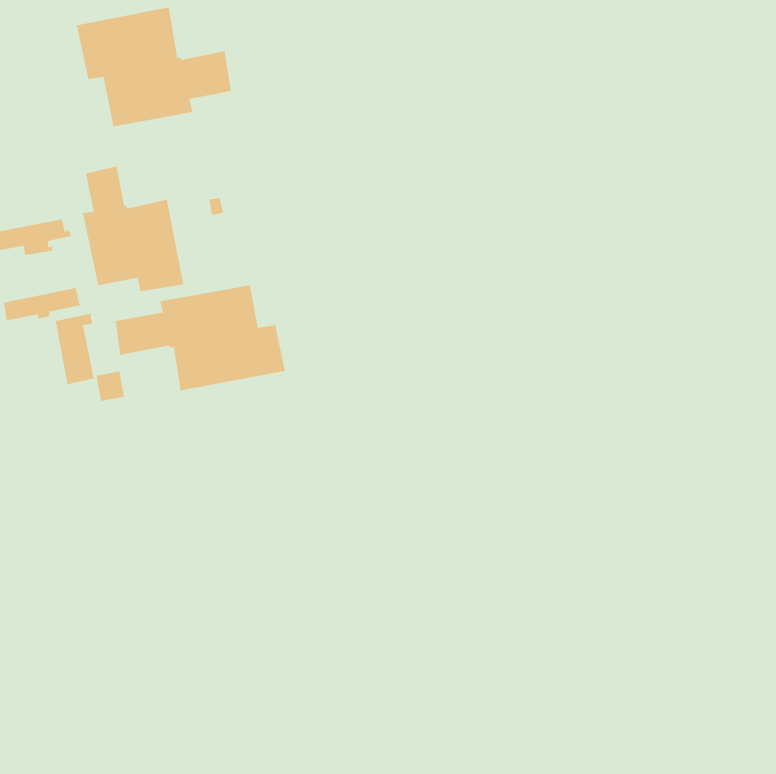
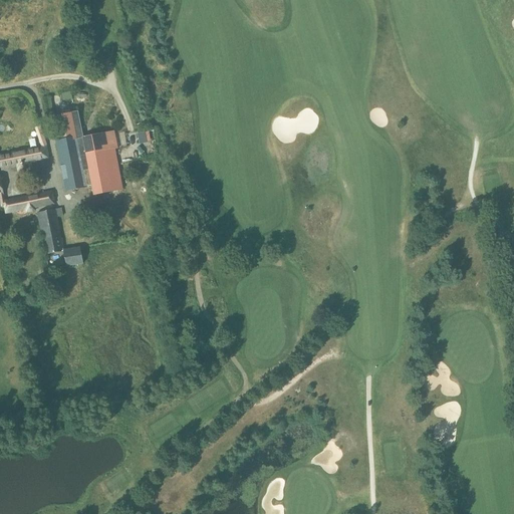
building: [76,6,232,127] -> none
building: [115,285,286,391] -> none

